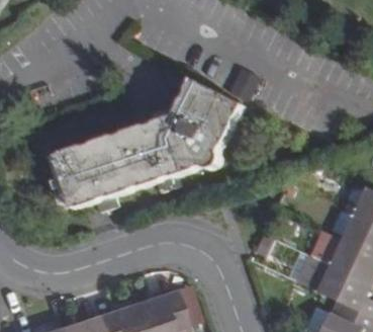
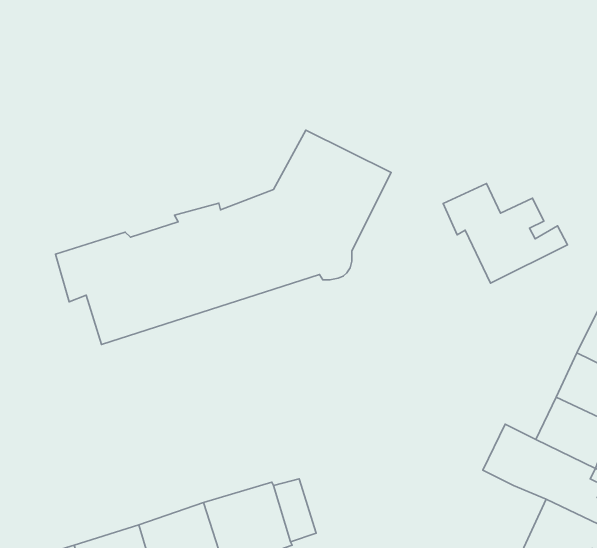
building: none -> [443,183,568,283]

